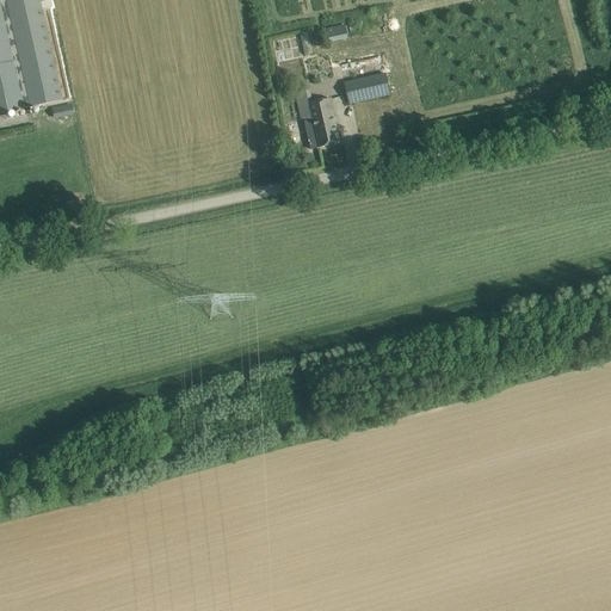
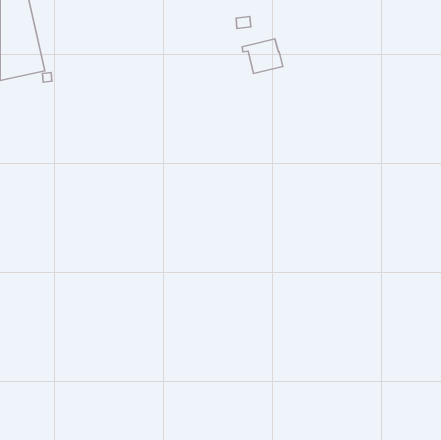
building: [296,85,341,148] -> none

